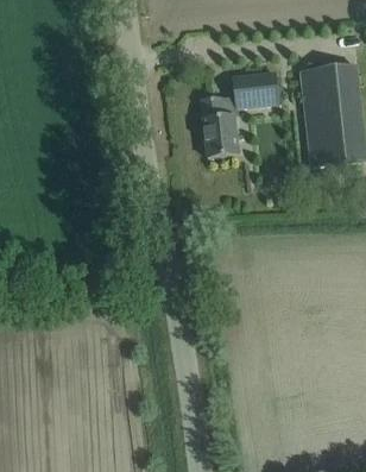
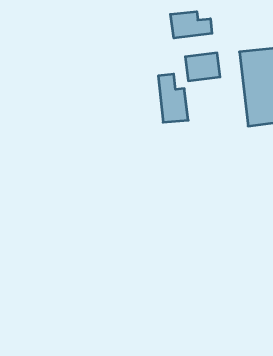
building: none -> [170,12,212,38]

